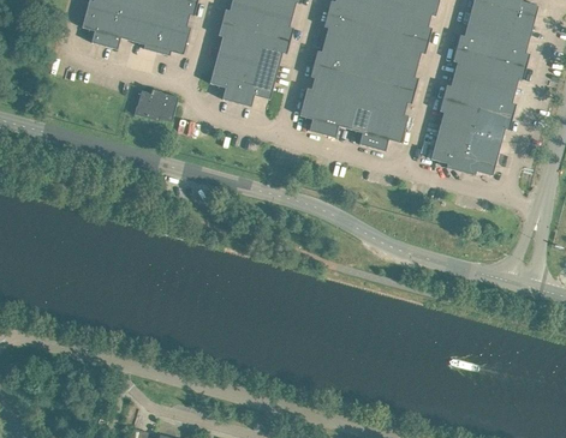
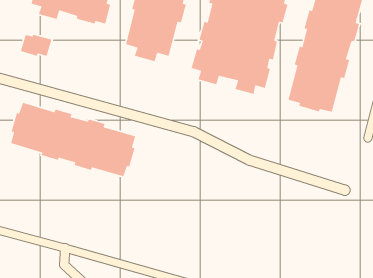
building: [135,88,179,120] -> [20,33,52,57]
building: none -> [10,102,136,177]

